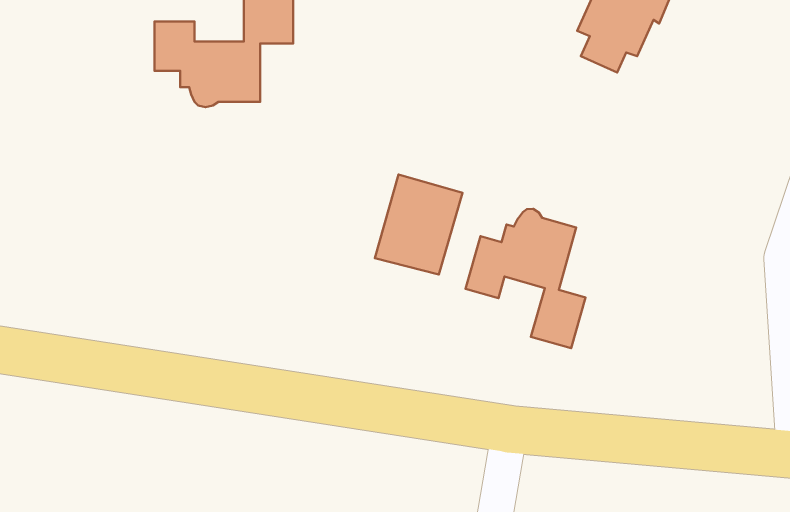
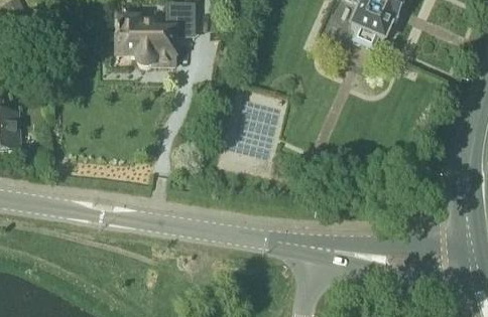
building: [466,209,585,348] -> none

